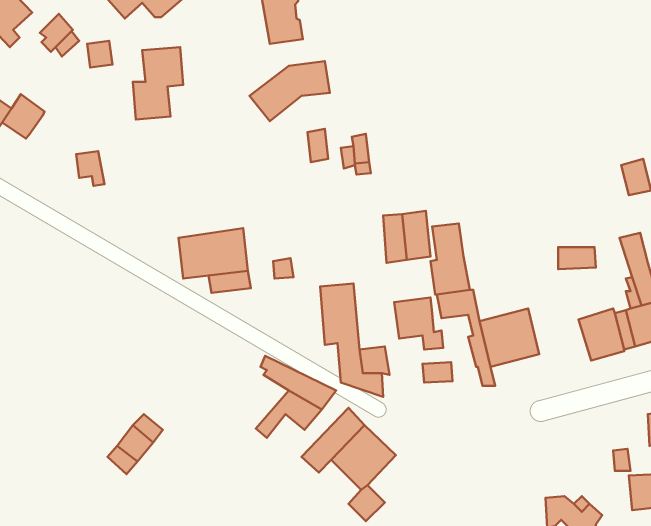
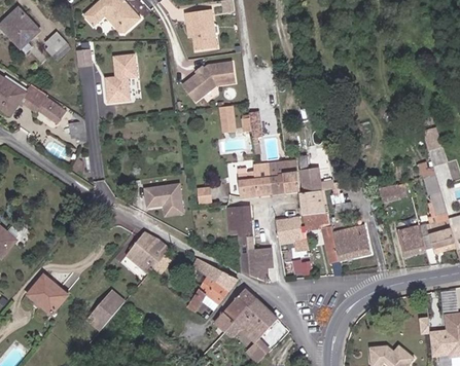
building: none -> [37,97,66,123]
building: none -> [236,162,271,197]
building: none -> [125,231,170,273]
building: none -> [28,273,67,312]

